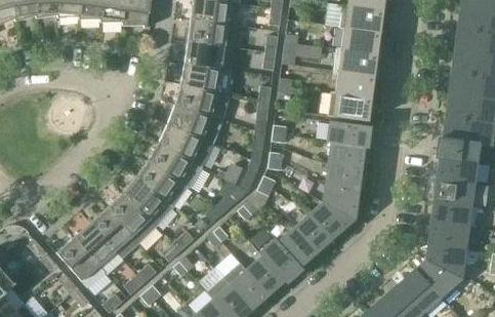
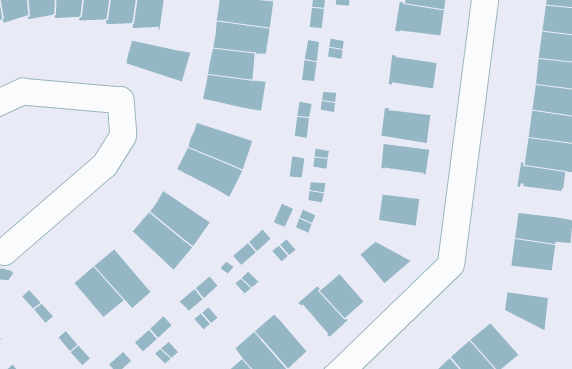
building: [341,27,378,53] -> none
building: [335,70,372,96] -> none
building: [175,83,230,118] -> [125,40,191,82]
building: [329,141,363,166] -> none
building: [148,142,203,187] -> none
building: [442,154,480,182] -> none
building: [324,184,358,217] -> none
building: [108,193,157,243] -> none
building: [294,212,331,251] -> none
building: [432,222,470,248] -> none
building: [56,236,105,287] -> none
building: [247,254,284,292] -> none
building: [419,259,464,295] -> none

